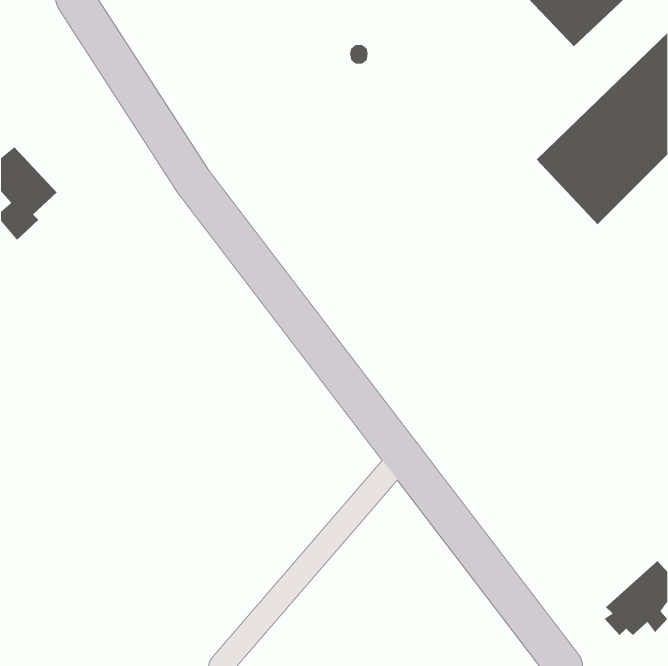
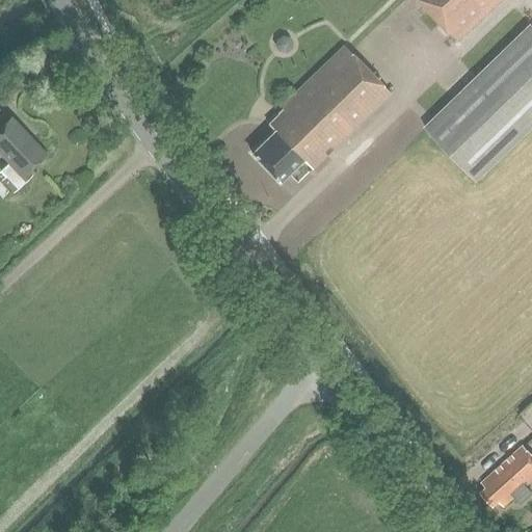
building: none -> [251,45,391,181]

